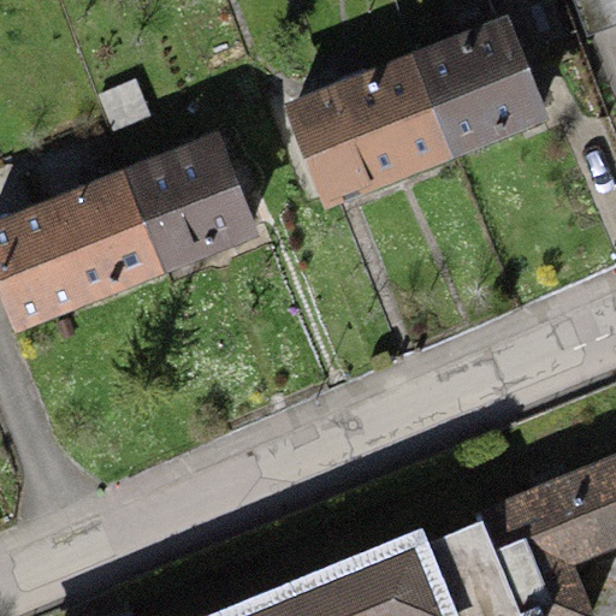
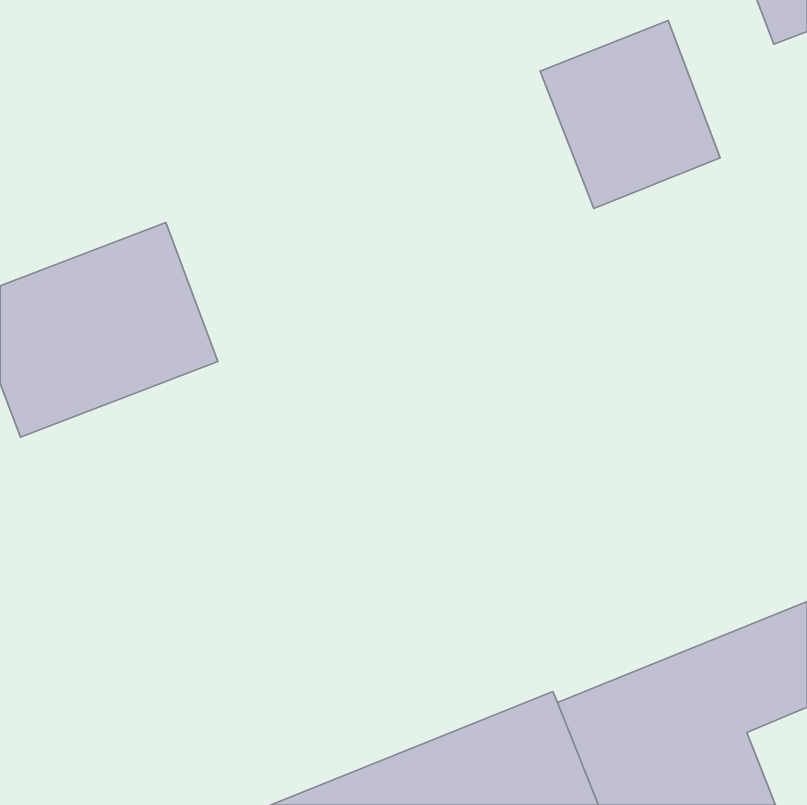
building: [284,54,452,209] -> none
building: [126,134,259,276] -> none

